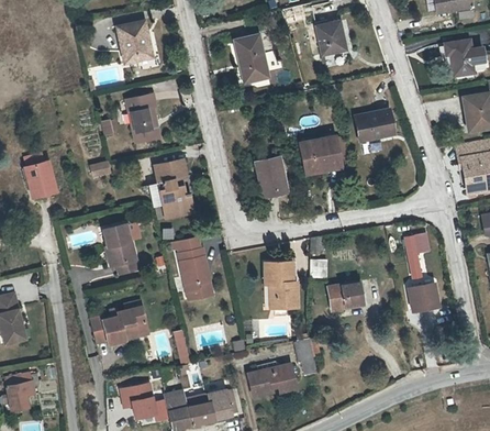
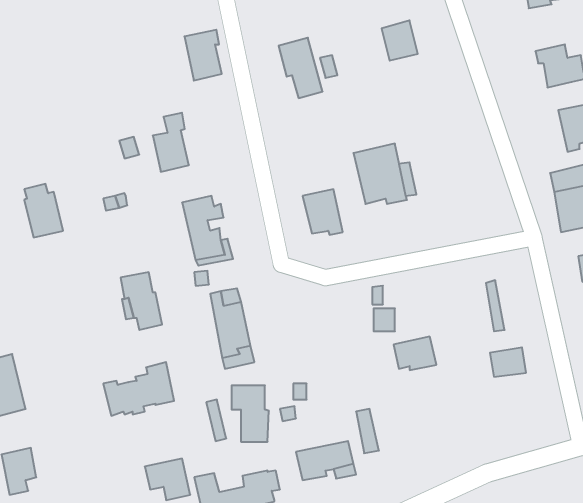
building: [119,19,149,60] -> [184,30,222,81]
building: [354,109,392,141] -> none
building: [266,266,297,312] -> [232,385,269,442]

